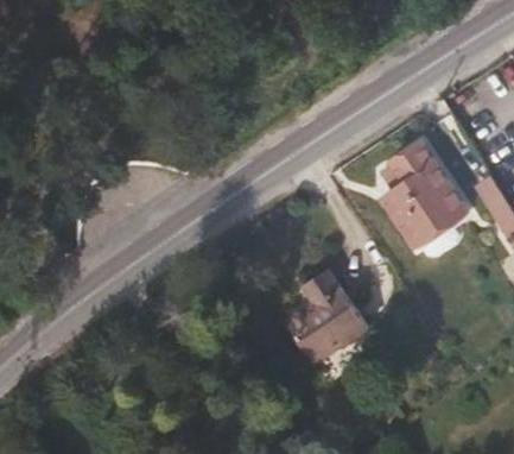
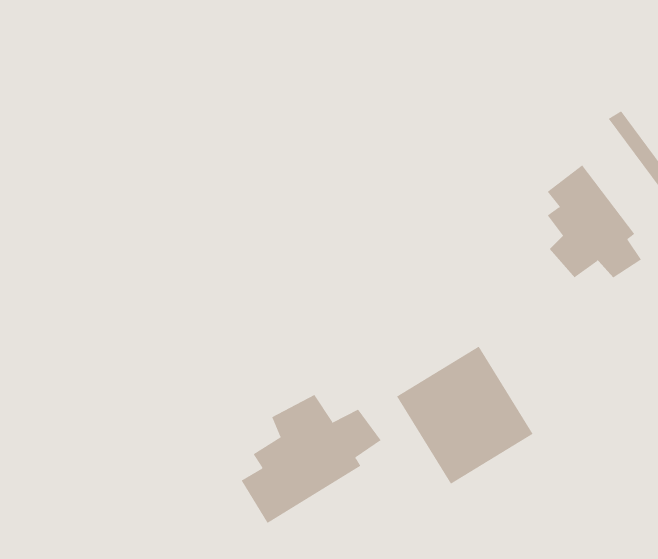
building: none -> [241,394,381,524]

